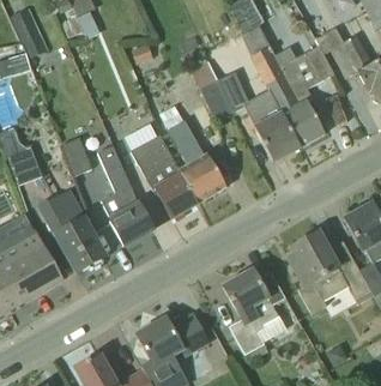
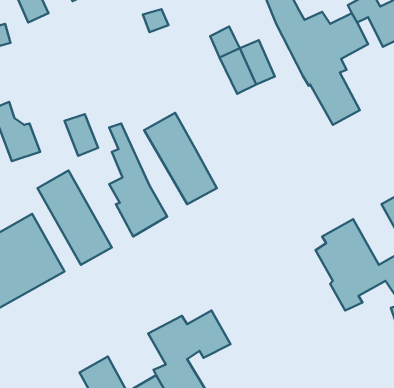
building: [248,107,301,161] -> none
building: [169,120,226,203] -> none
building: [222,269,279,356] -> none

